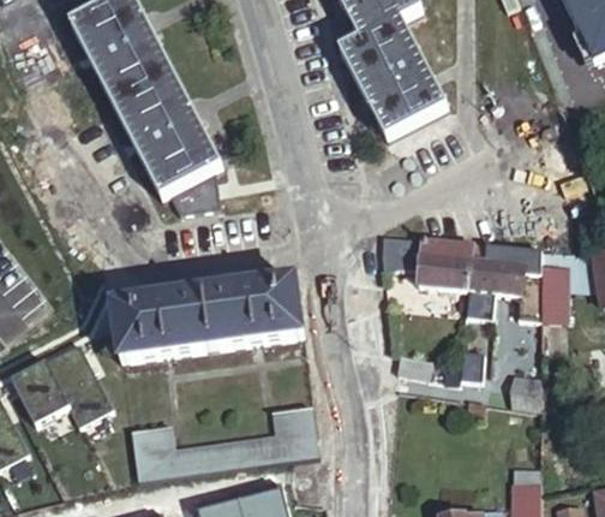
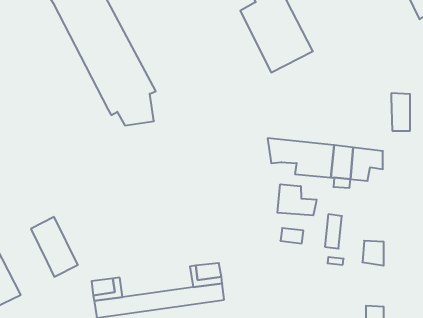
building: [541,267,568,320] -> [391,93,410,131]
building: [115,281,302,362] -> none
building: none -> [277,184,317,215]
building: [11,357,70,423] -> none

